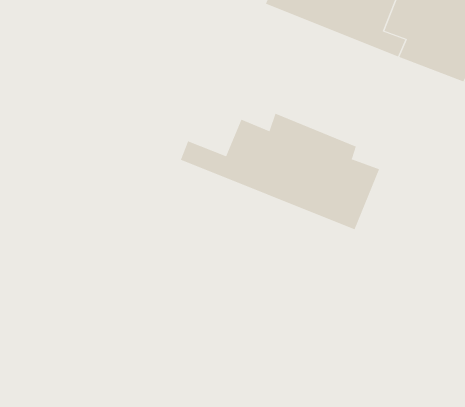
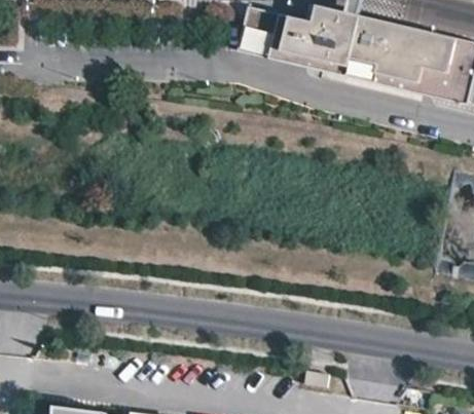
building: [180,113,380,230] -> none

